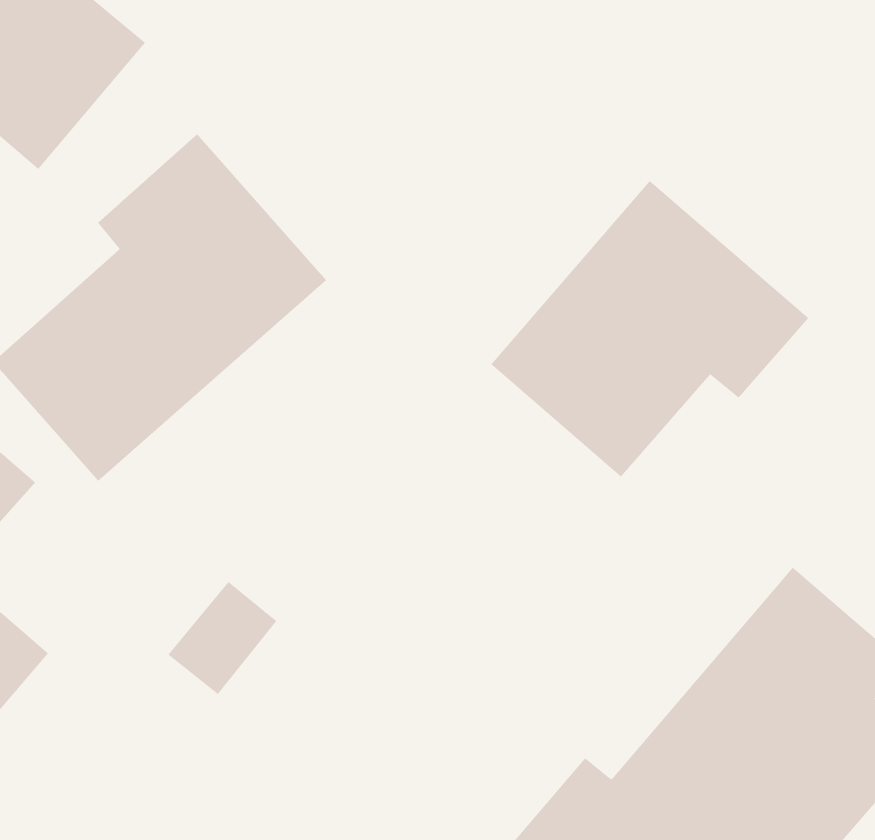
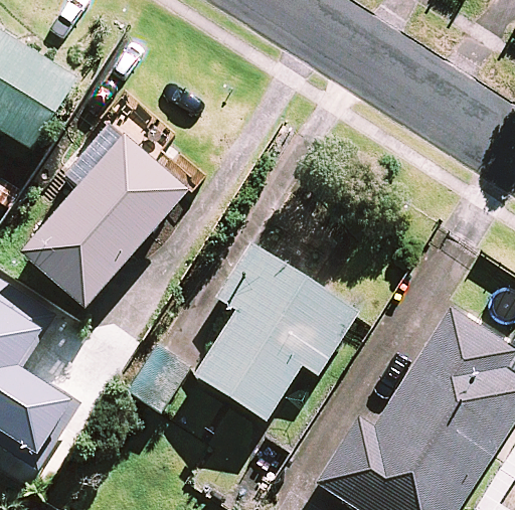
building: [490,180,809,477] -> none
building: none -> [195,243,357,419]

